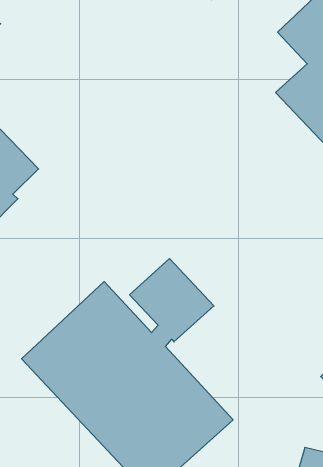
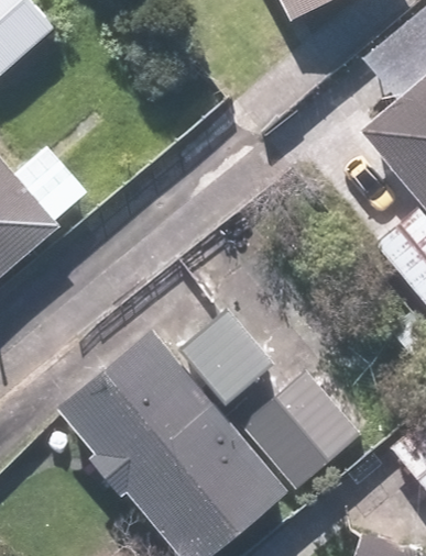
building: none -> [240,371,360,490]

